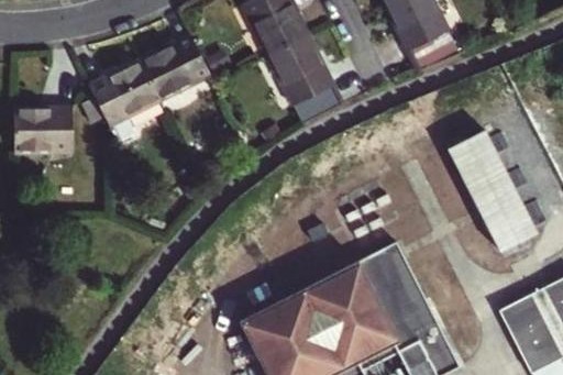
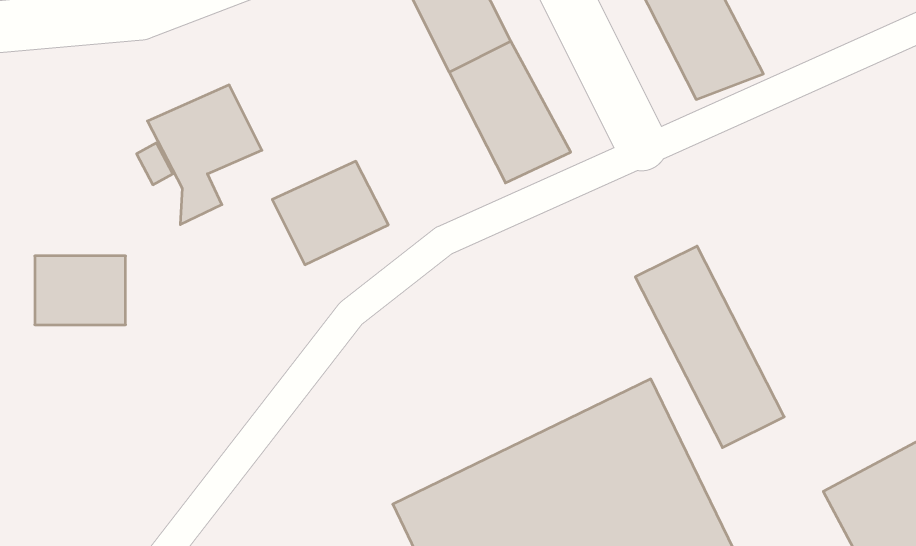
building: [140,40,210,102] -> [272,161,388,265]
building: [15,108,70,150] -> [35,256,126,325]
building: [448,137,538,260] -> [635,246,784,448]

